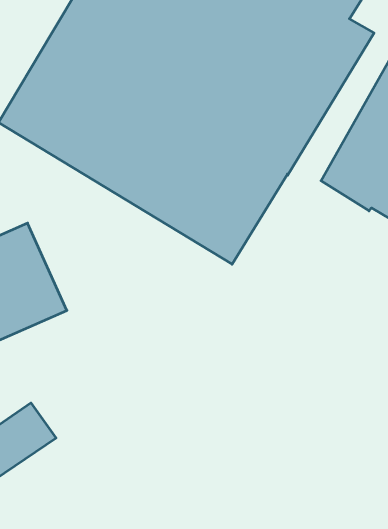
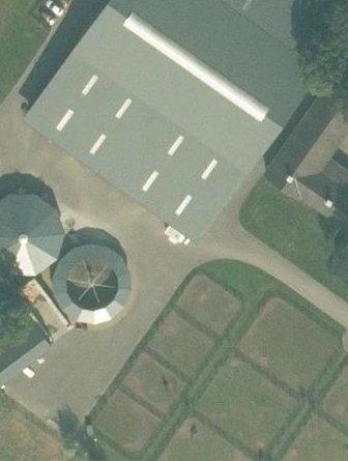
building: none -> [44,236,139,330]

